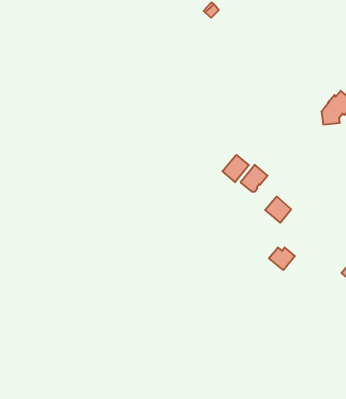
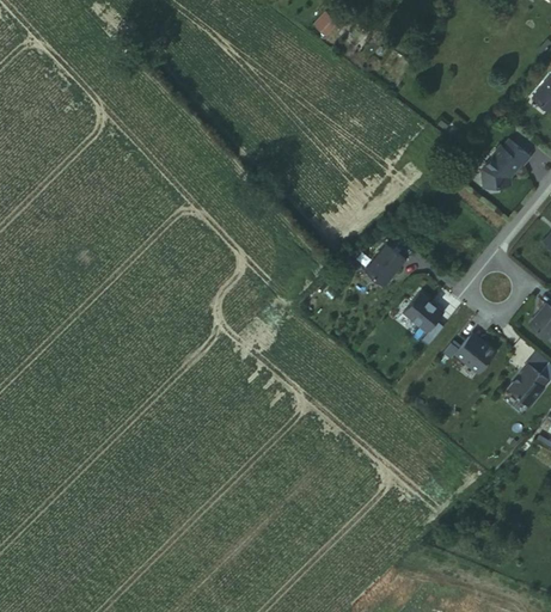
building: [222,155,249,182] -> none
building: [269,247,295,270] -> [453,336,490,368]

